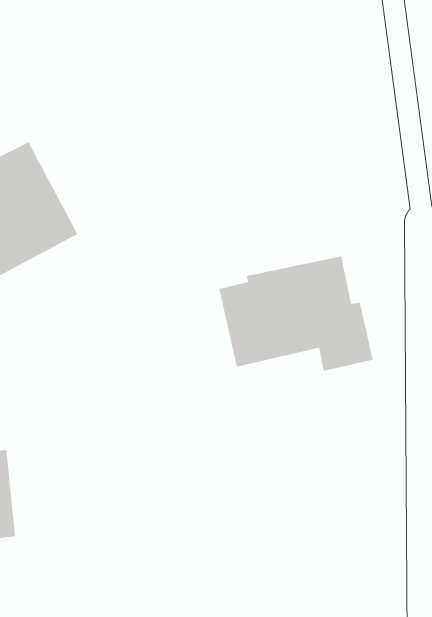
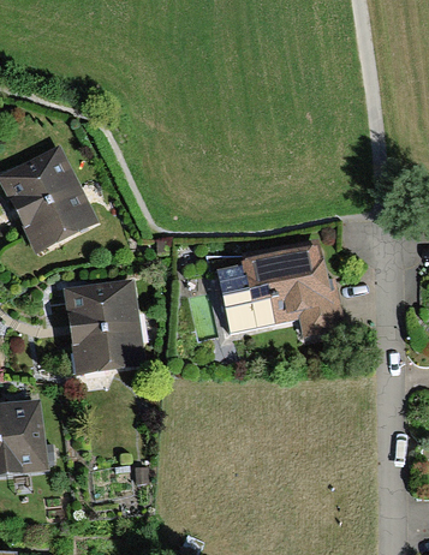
building: none -> [60,278,145,378]

